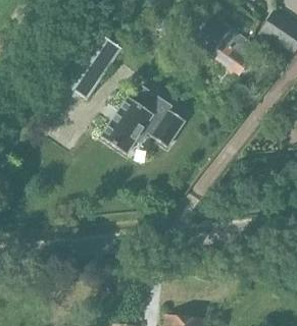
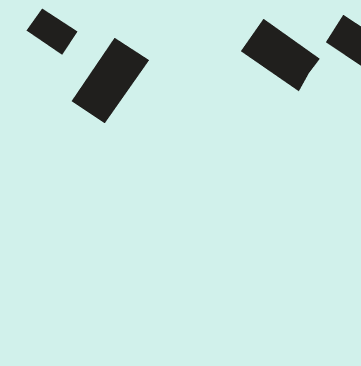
building: none -> [26,7,78,56]
building: [101,86,184,155] -> none

